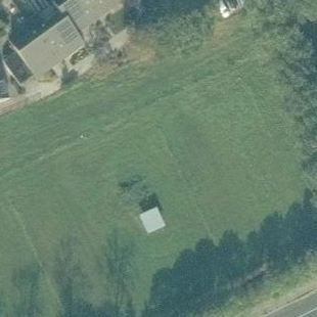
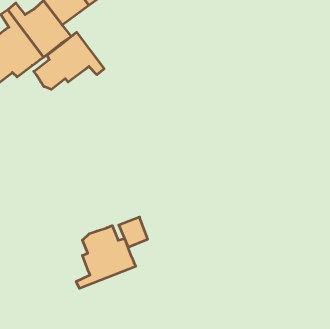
building: none -> [34,32,104,89]
building: none -> [76,226,136,288]

